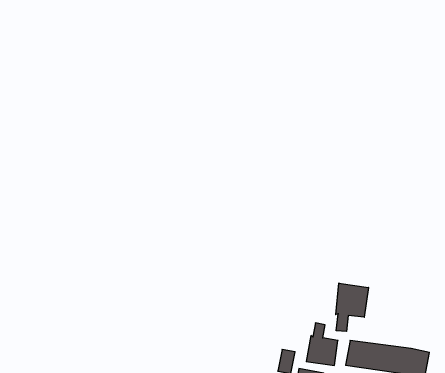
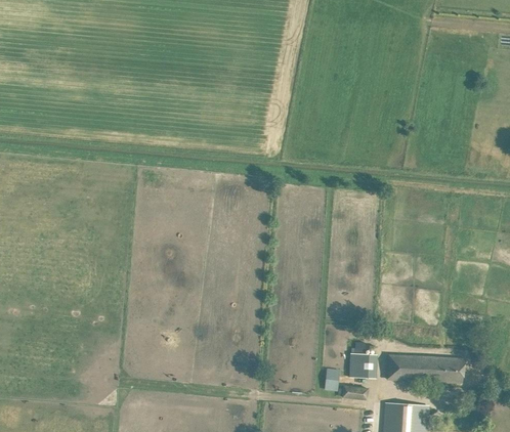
building: [336,283,368,331] -> none

